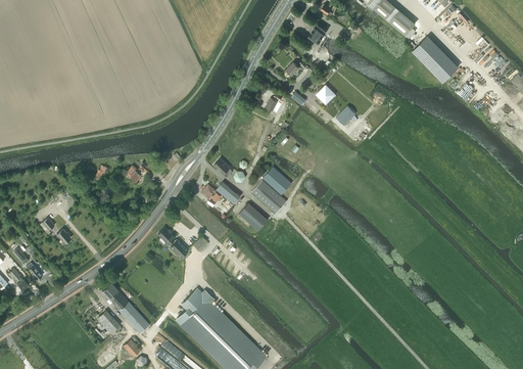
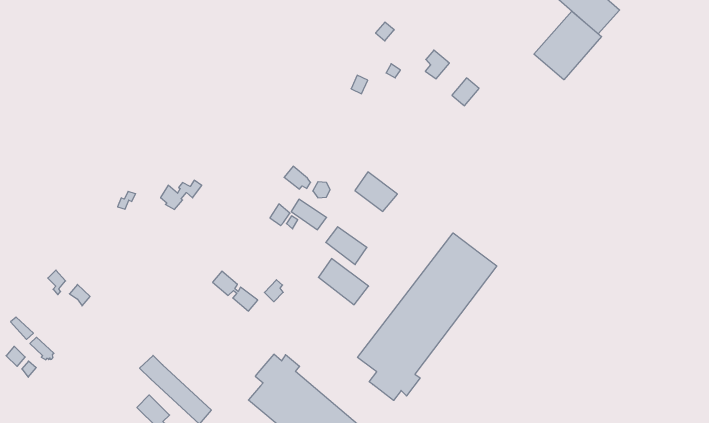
building: none -> [534,11,602,80]
building: [252,180,287,214] -> [318,259,369,305]
building: none -> [358,233,497,400]

